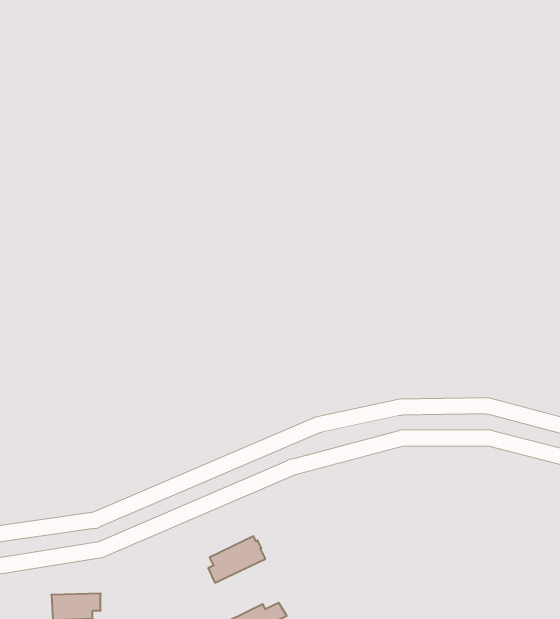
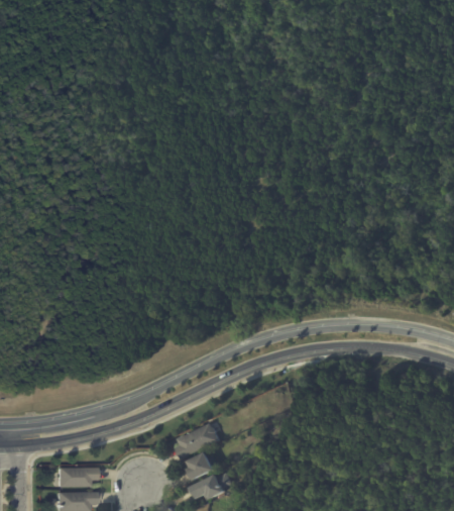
building: none -> [186,451,213,480]

